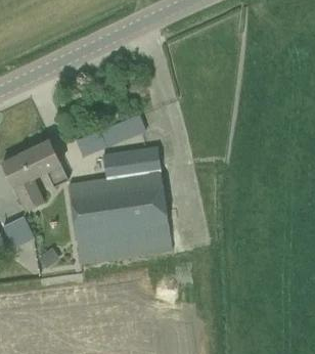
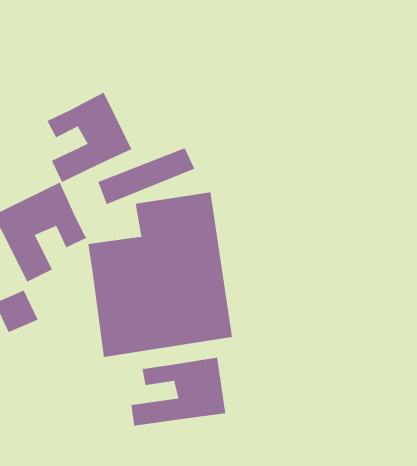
building: none -> [47,92,132,183]
building: none -> [131,357,226,426]

